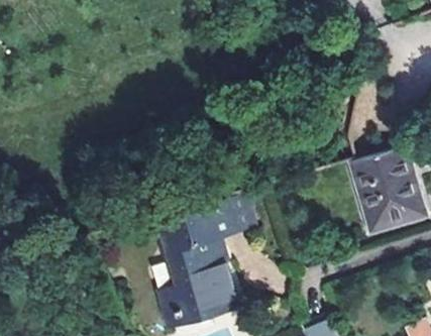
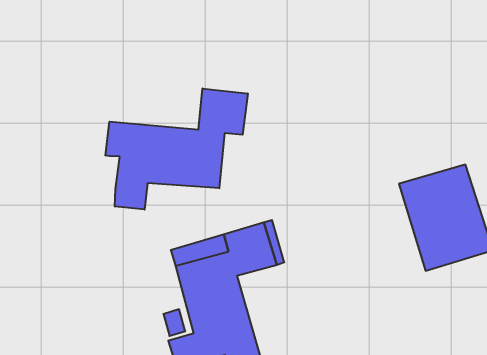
building: none -> [106,88,248,210]

